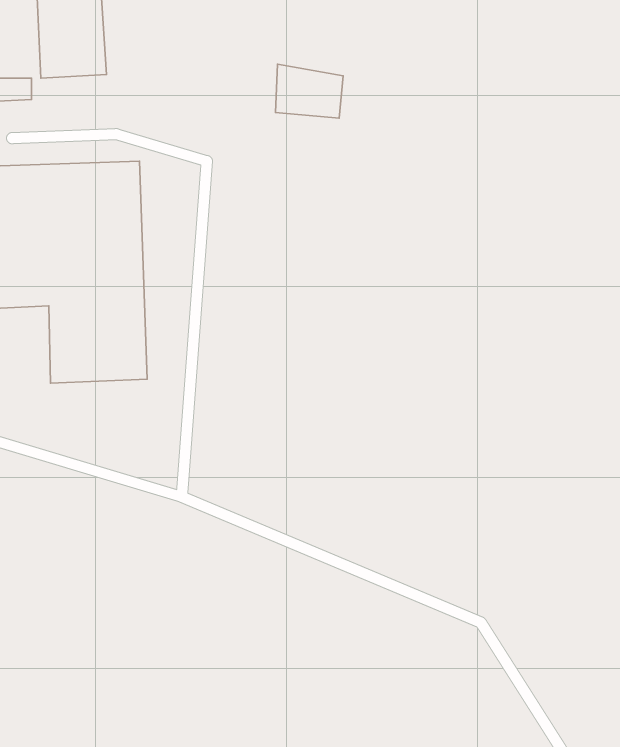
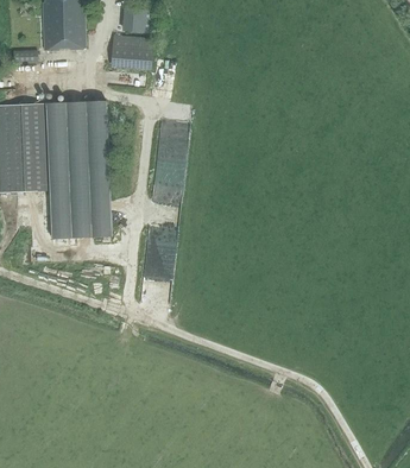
building: none -> [124,8,154,32]
building: [276,64,343,118] -> [111,34,152,68]

